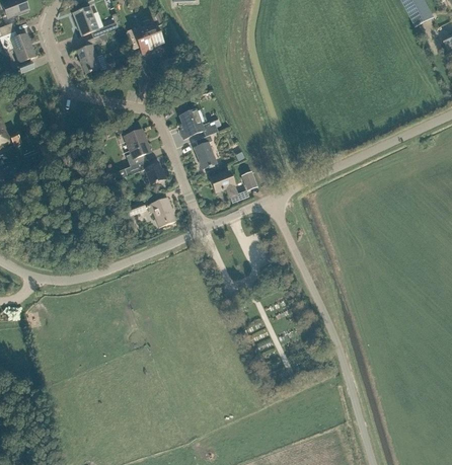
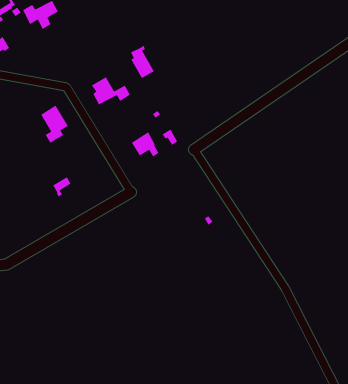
building: [194,135,216,168] -> [130,44,155,79]
building: [124,159,166,183] -> none
building: [146,198,173,226] -> none

